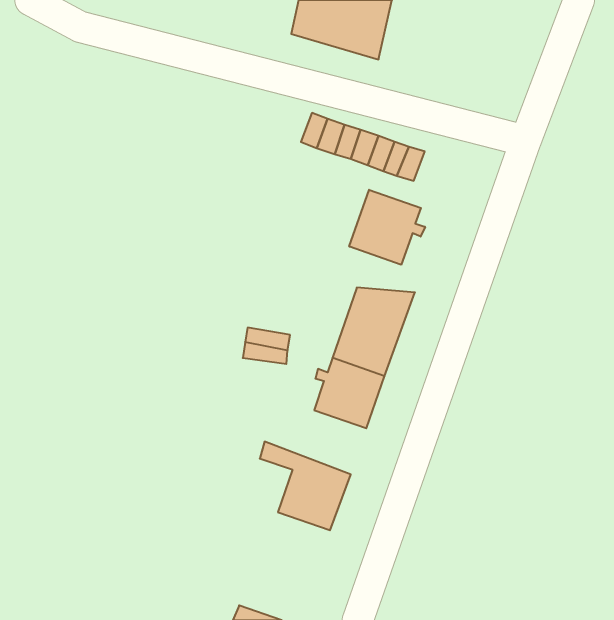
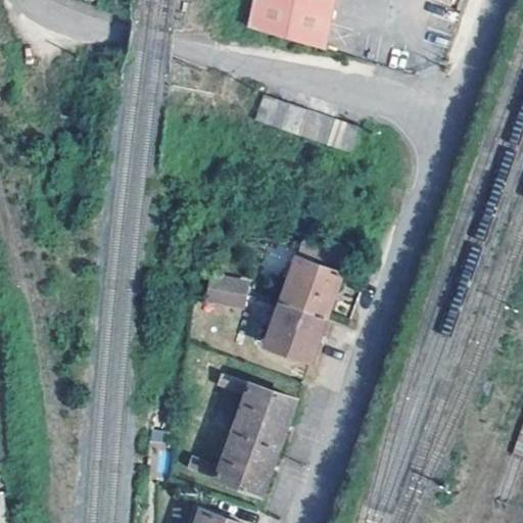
building: [349,190,425,265] -> none
building: none -> [188,431,278,495]

